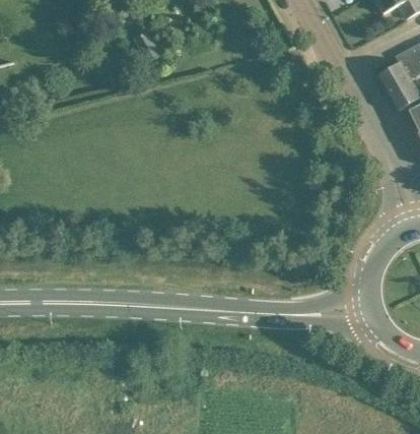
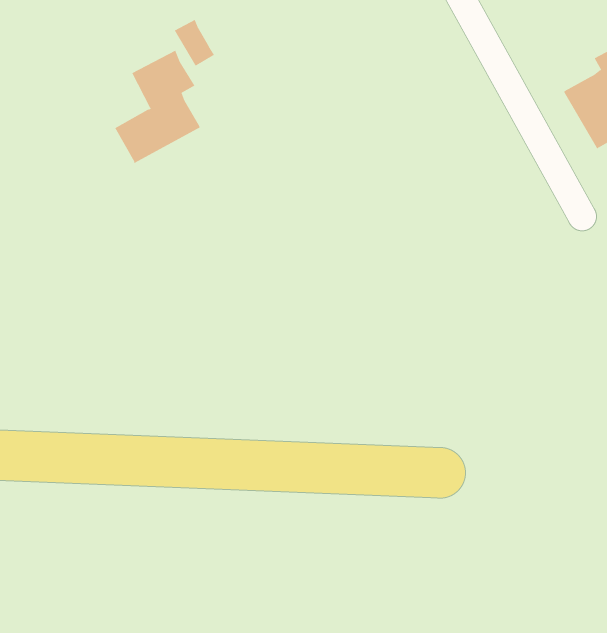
building: none -> [114,50,202,164]

